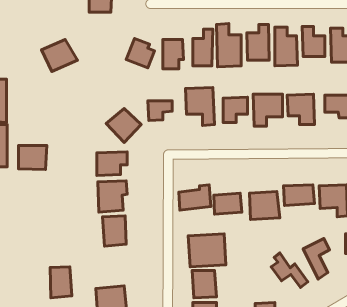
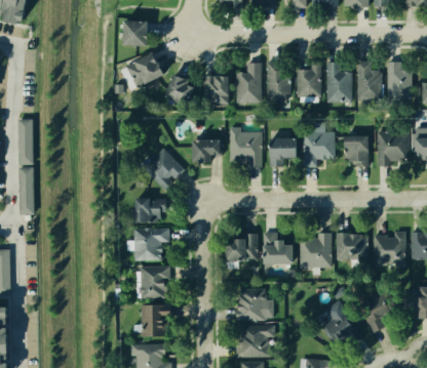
building: [42,40,77,72] -> [124,51,163,86]
building: [19,146,47,170] -> none
building: [50,267,72,298] -> [142,303,165,337]

